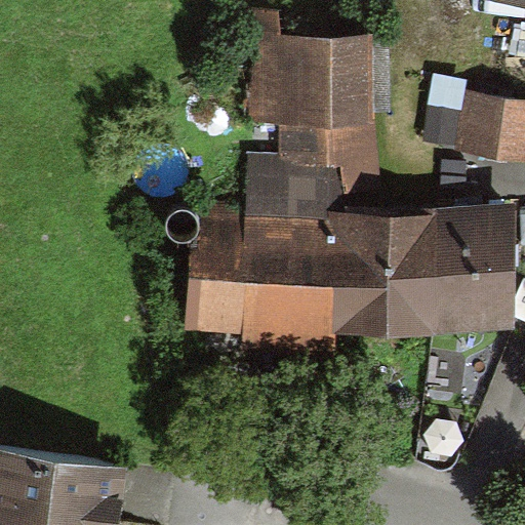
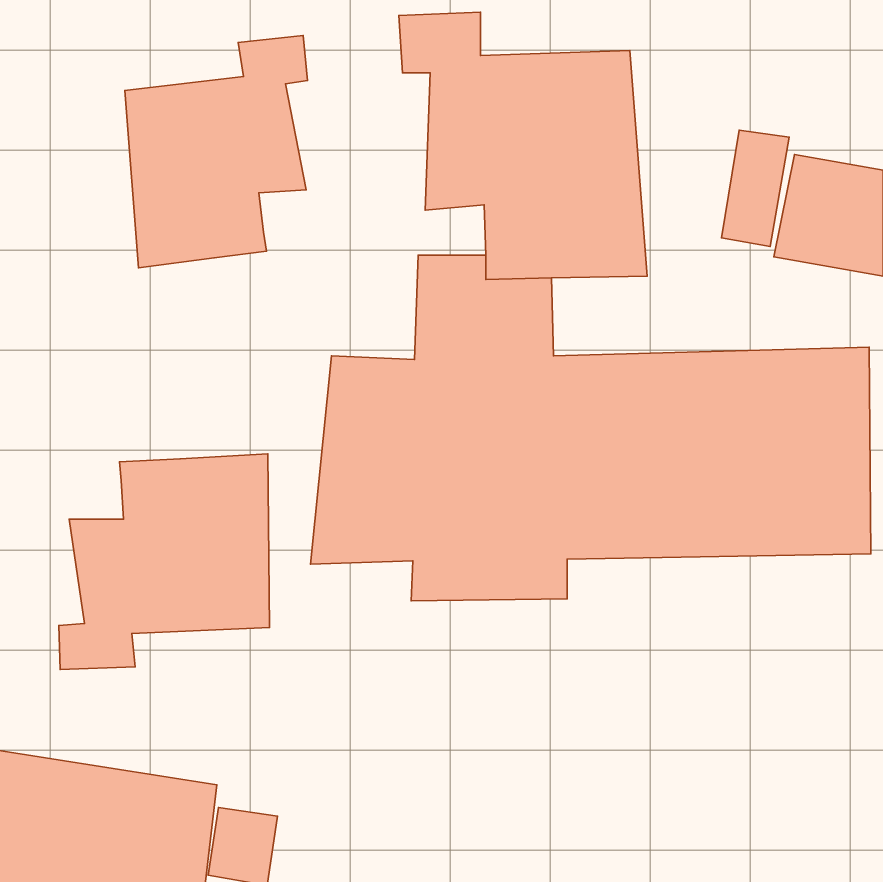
building: none -> [125,35,307,268]
building: none -> [59,454,269,670]

